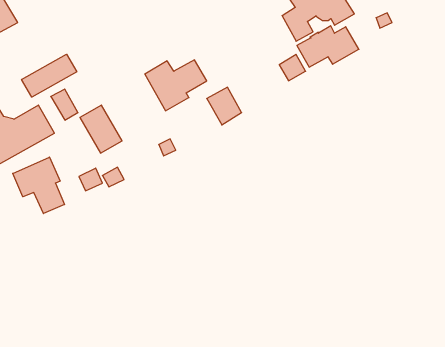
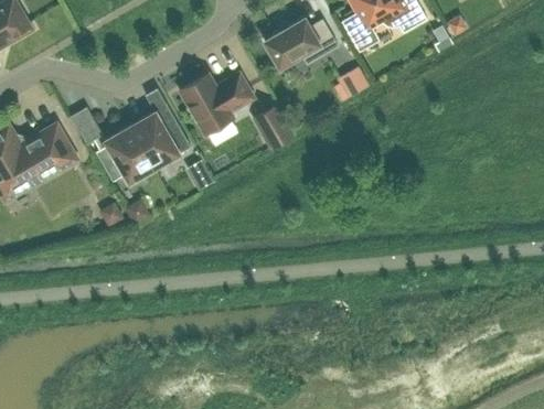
building: [297,26,359,67] -> [264,17,337,65]
building: [22,54,77,97] -> none
building: none -> [129,101,190,166]
building: [13,157,64,214] -> none

